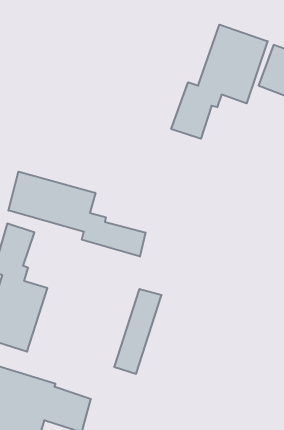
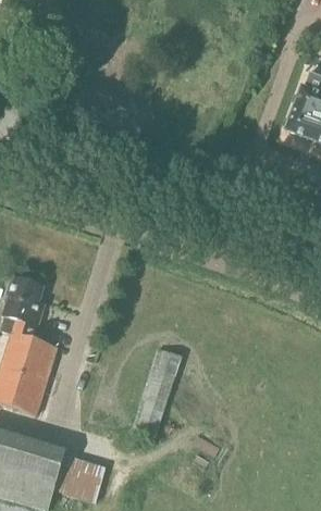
building: [171,25,268,139] -> none
building: [8,172,146,257] -> none

